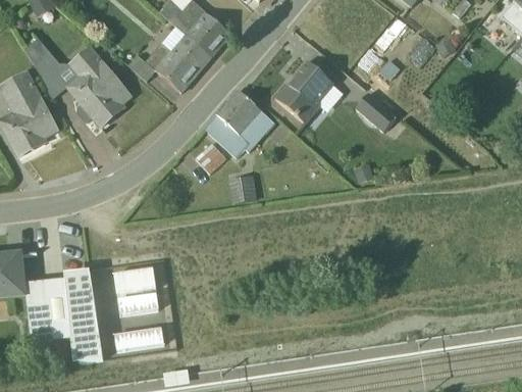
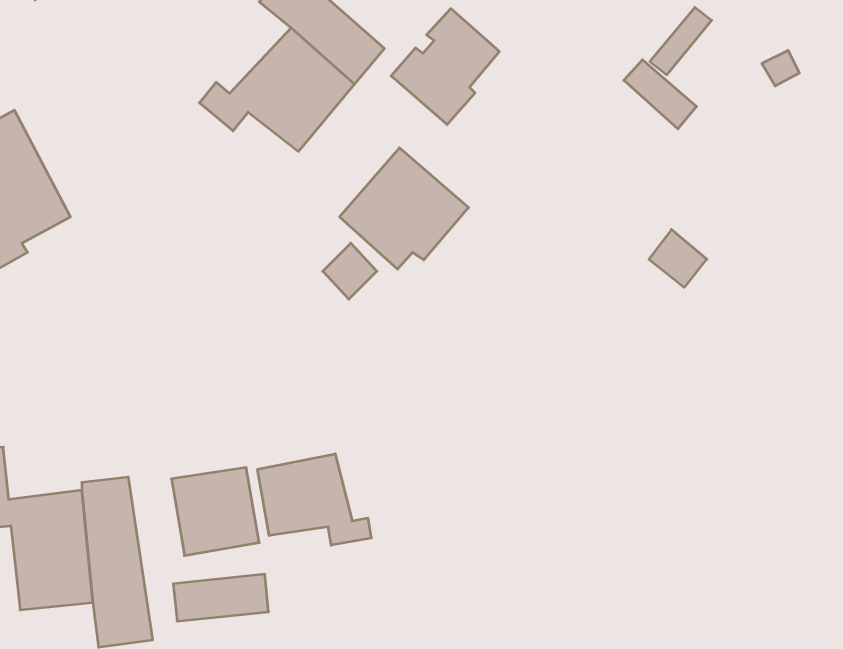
building: [25,40,129,128] -> none
building: [274,61,333,125] -> [391,9,499,125]
building: [356,92,387,124] -> [649,229,707,287]
building: [229,177,255,202] -> none
building: none -> [258,454,371,545]

